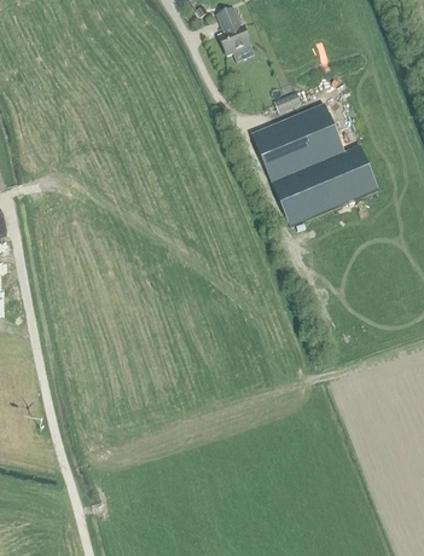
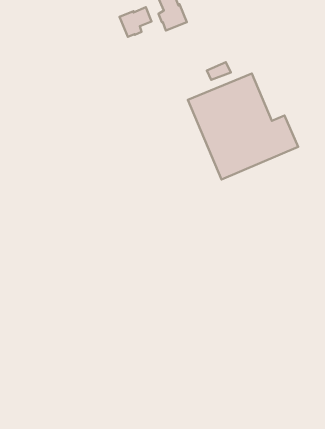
building: none -> [120,7,151,37]

